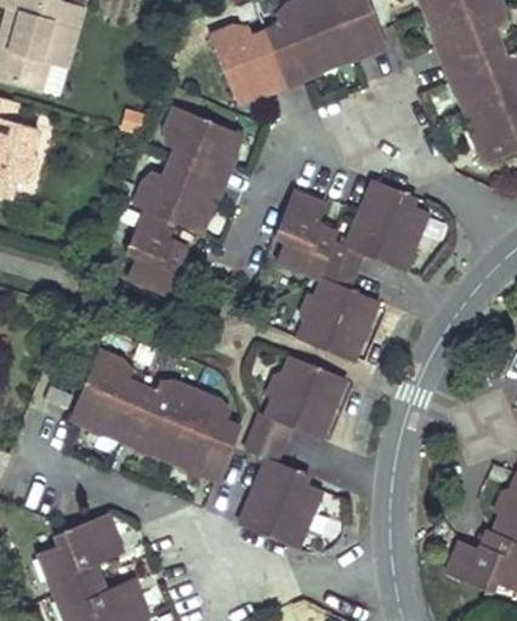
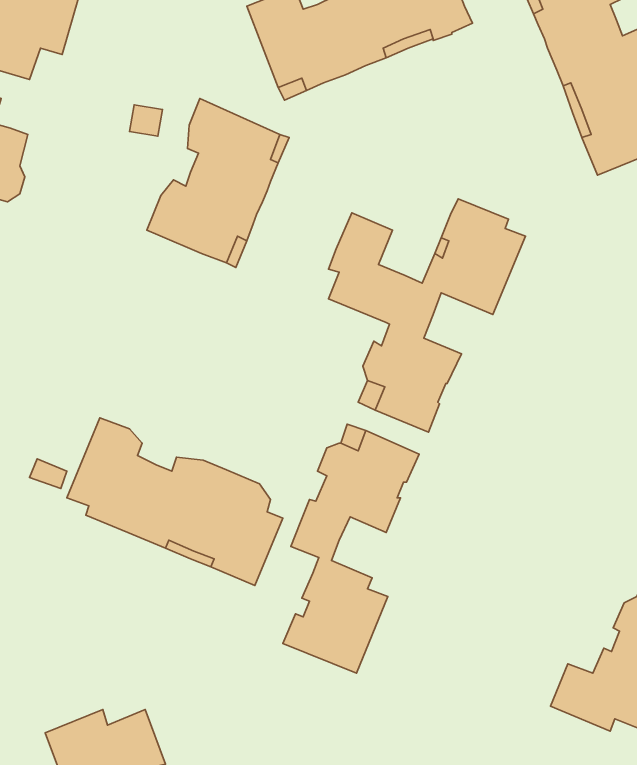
building: [125,209,187,294] -> none
building: [39,513,123,594] -> none

